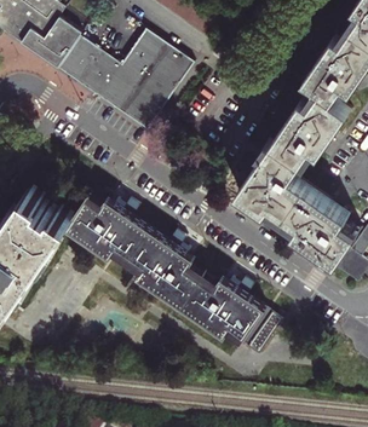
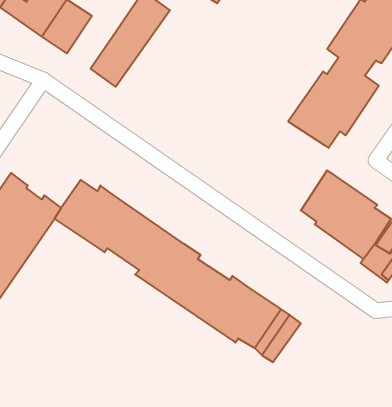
building: [121,45,194,129] -> none
building: [79,50,121,96] -> none
building: [237,138,305,219] -> none

